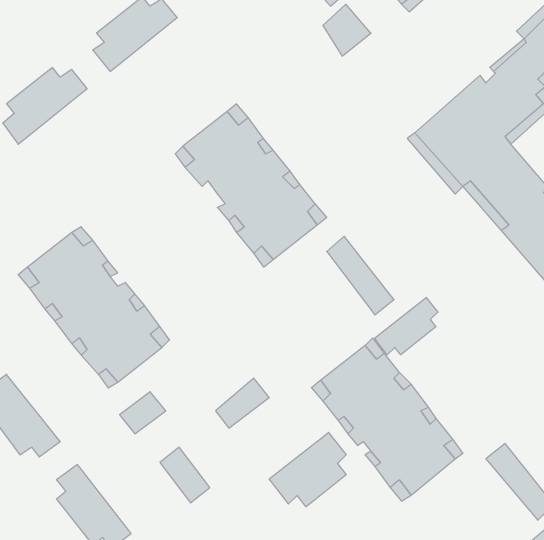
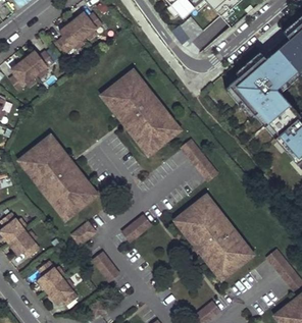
building: [375,297,438,355] -> none
building: [269,432,346,507] -> none

